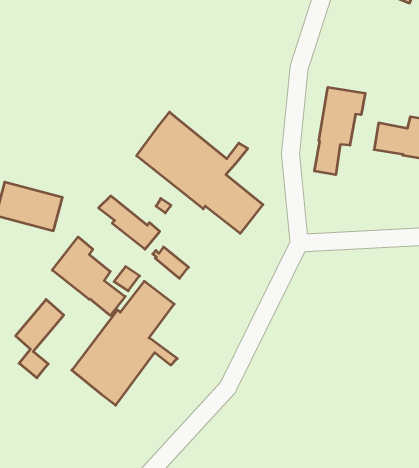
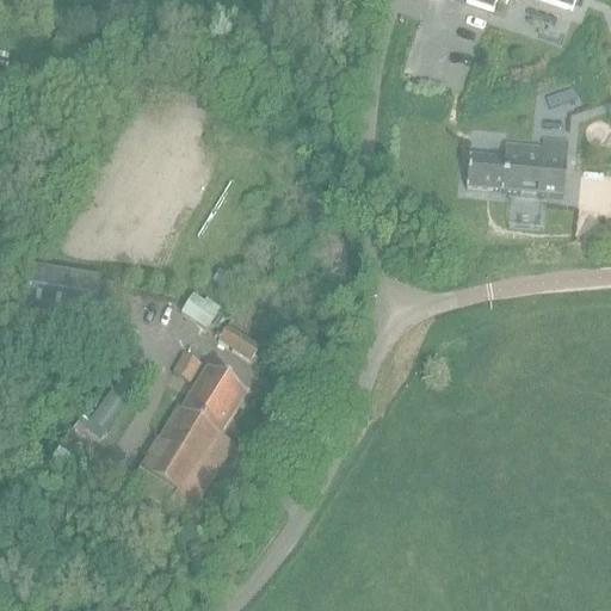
building: [314,87,365,175] -> none
building: [137,112,263,233] -> none
building: [52,237,125,315] -> none

